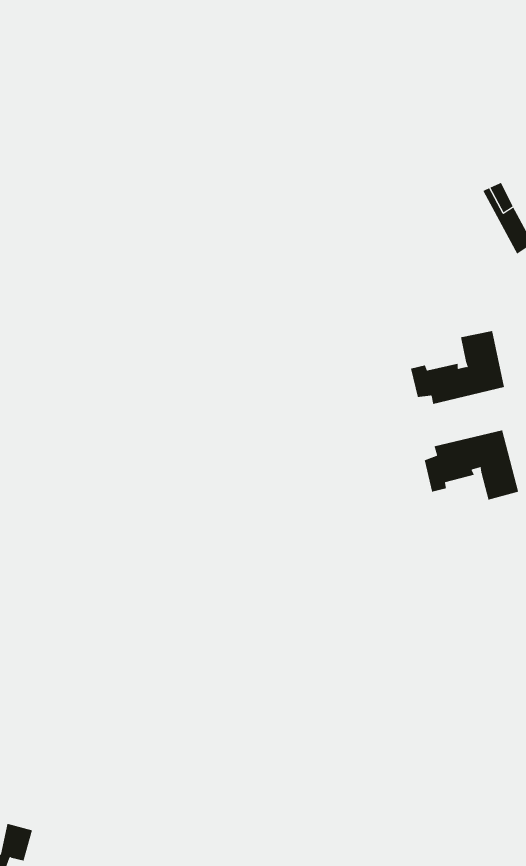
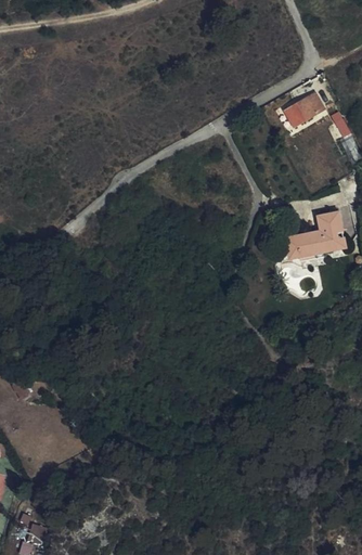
building: none -> [285,91,326,128]
building: [424,430,519,500] -> none

